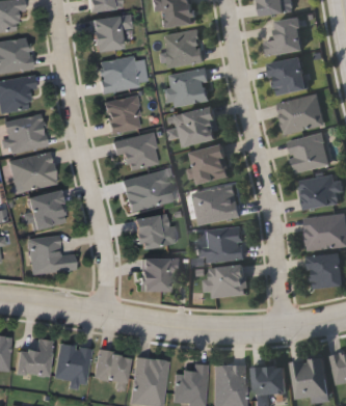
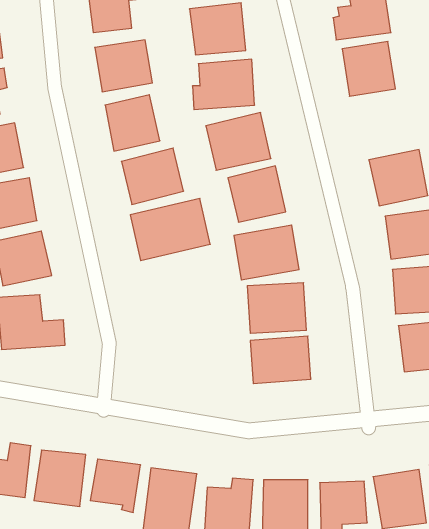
building: [280,94,326,134] -> none
building: [136,213,176,247] -> none
building: [140,256,182,291] -> none

